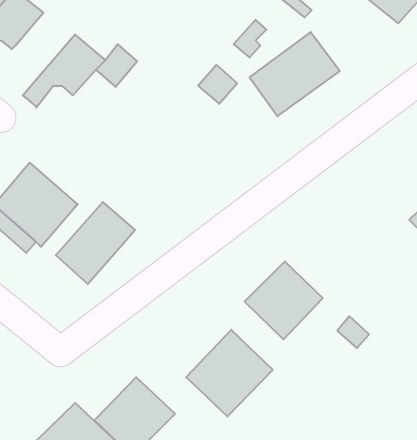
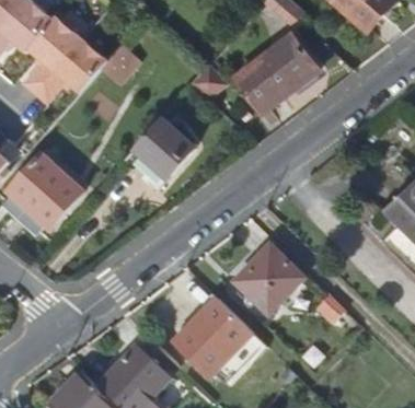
building: none -> [21,14,80,92]
building: none -> [134,116,196,178]
building: [56,202,135,284] -> none

